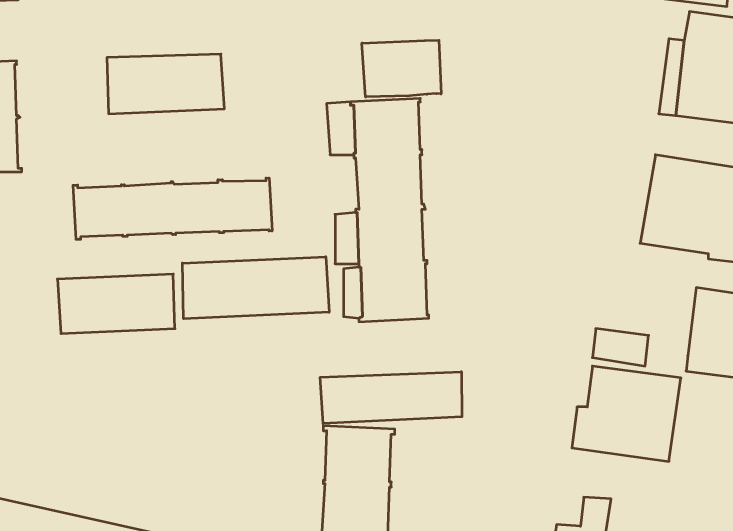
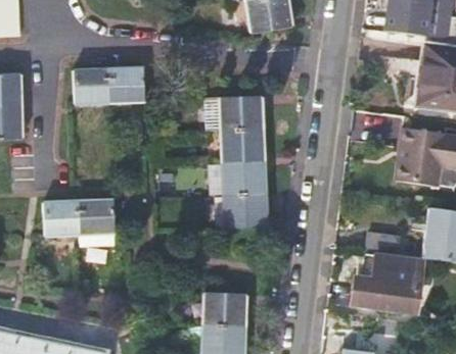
building: [362,40,441,97] -> none
building: [73,178,272,239] -> none
building: [182,257,329,319] -> none
building: [320,372,462,424] -> none

